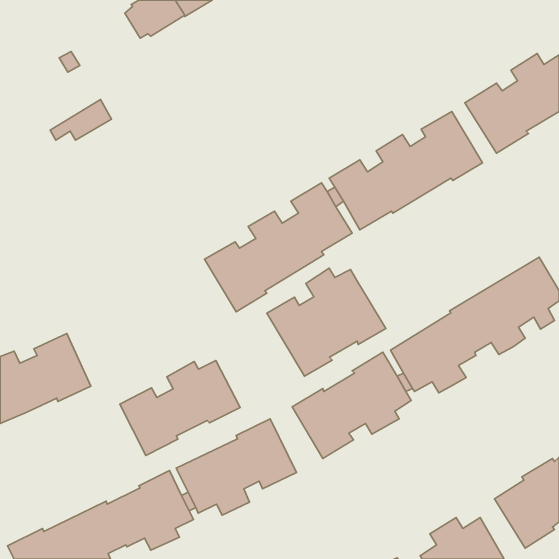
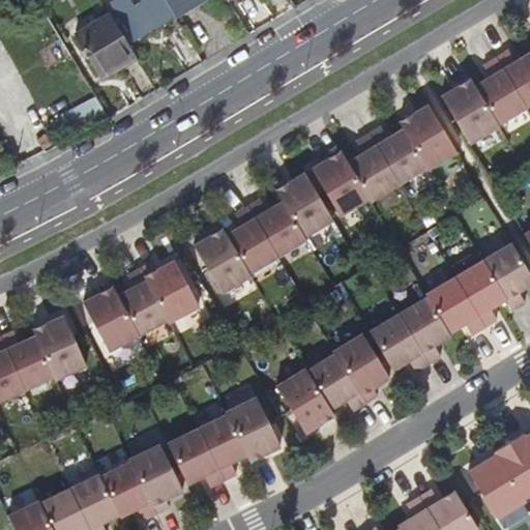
building: none -> [75,13,135,75]
building: [267,268,386,376] -> none
building: [120,360,240,456] -> [83,261,197,351]

